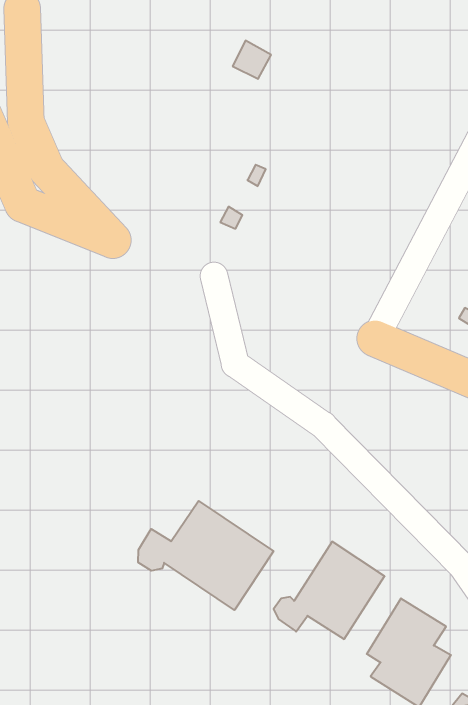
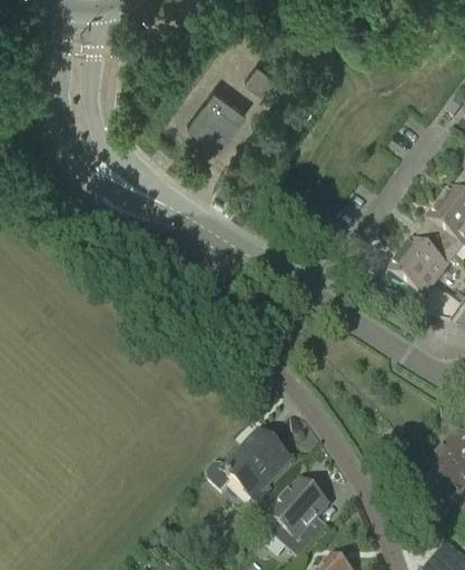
building: none -> [189,85,248,144]
building: [138,501,273,610] -> none

